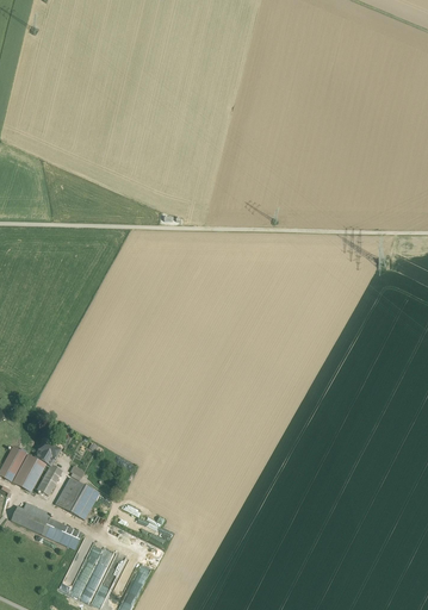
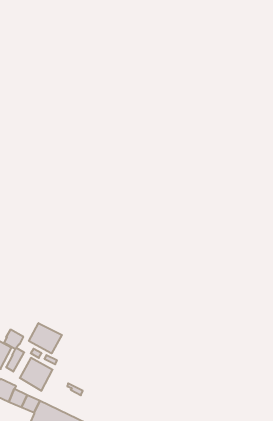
building: none -> [29,323,62,353]

